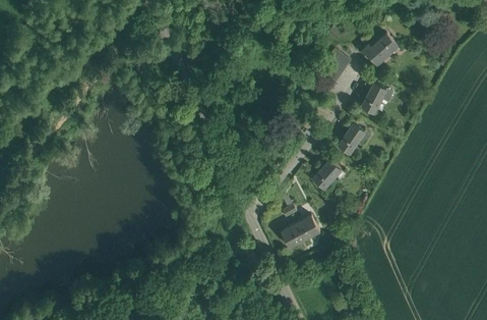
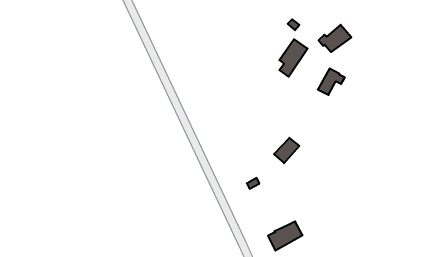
building: [338,124,369,154] -> none
building: [281,216,319,249] -> [268,221,303,251]

